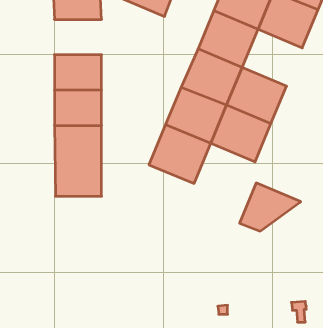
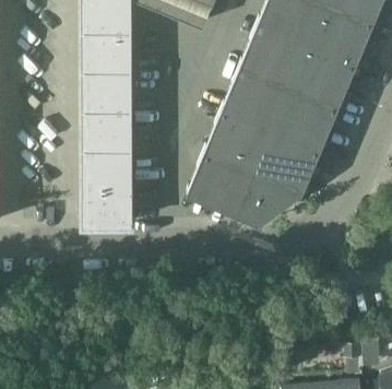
building: none -> [82,27,134,67]
building: none -> [290,38,357,102]
building: [240,183,301,231] -> [237,165,305,219]

